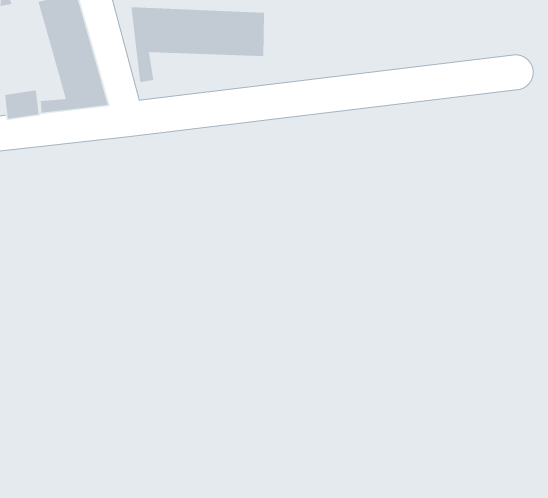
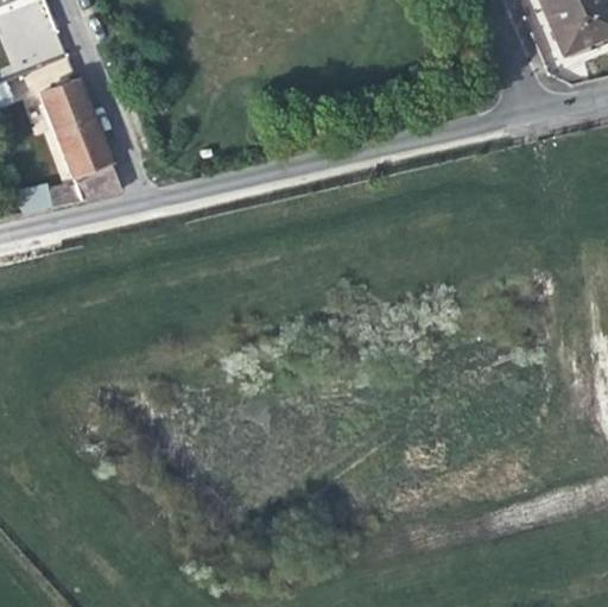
building: [130,7,265,83] -> none

